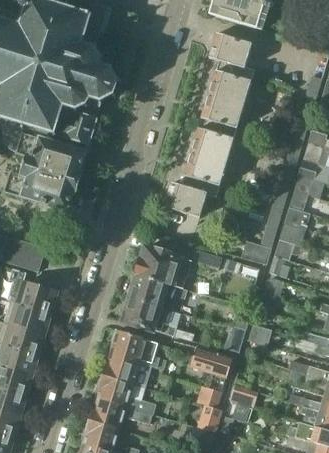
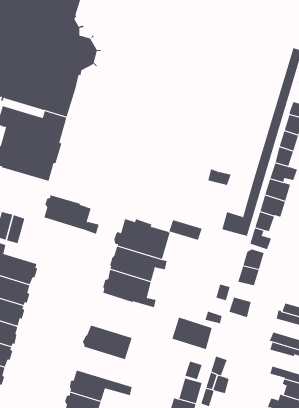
building: [164,32,255,216] -> none
building: [110,329,166,369] -> [43,195,100,235]
building: [96,374,155,414] -> none

